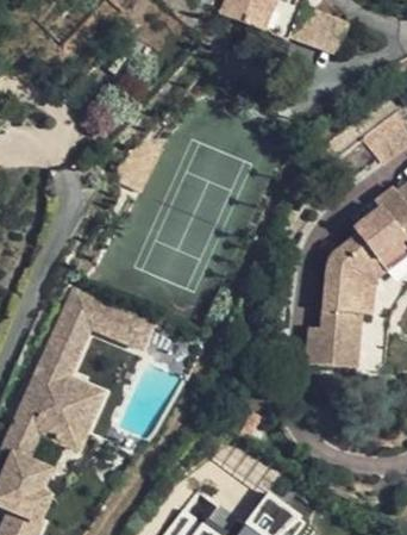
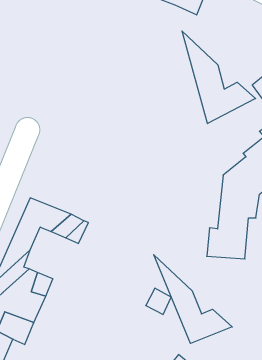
building: none -> [182,31,256,124]
building: none -> [154,255,232,343]

